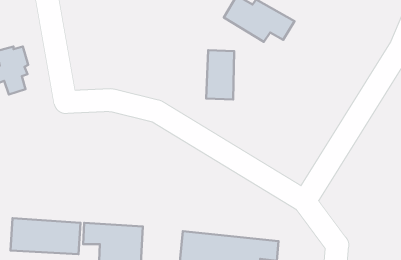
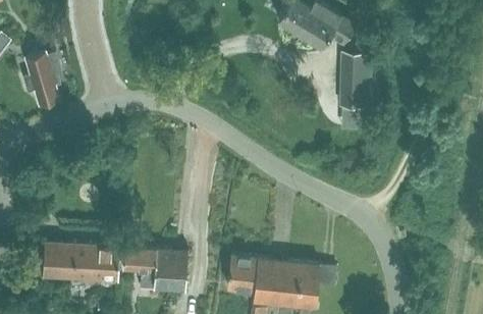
building: [206,50,234,100] -> [339,53,370,107]

